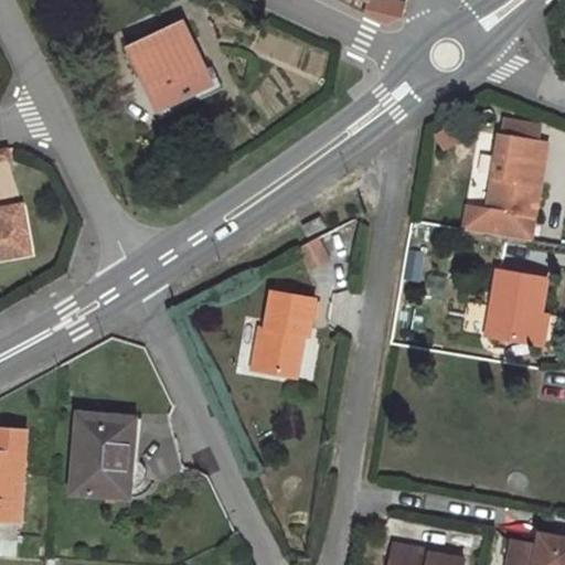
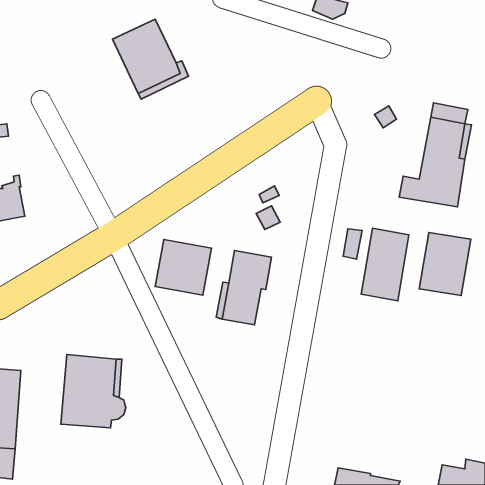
building: none -> [361,228,409,301]
building: none -> [155,240,212,295]

